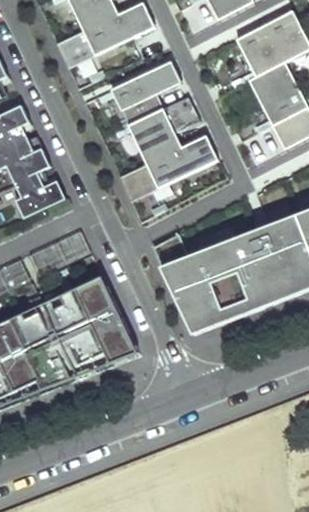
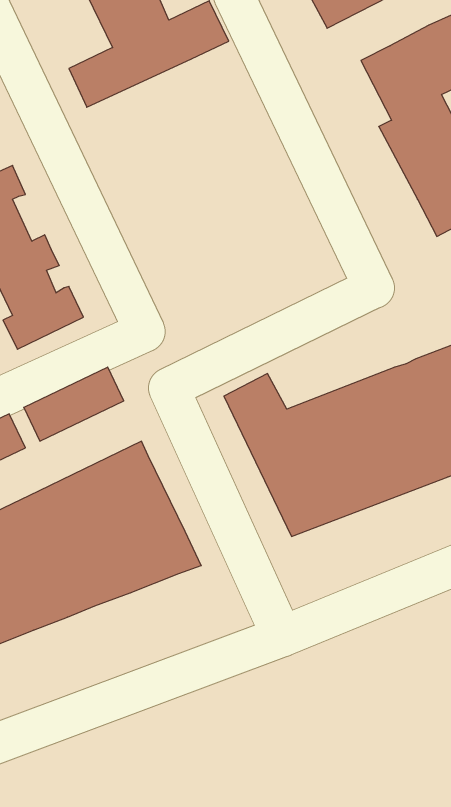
building: [110,61,217,201] -> none

